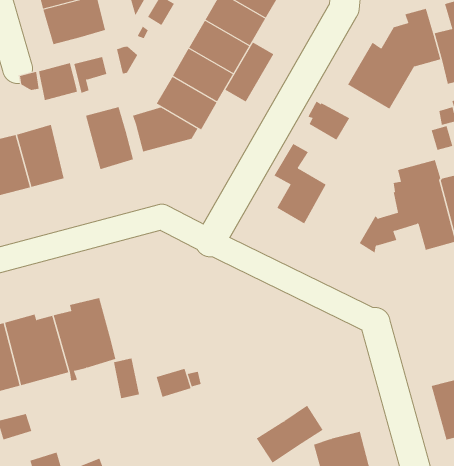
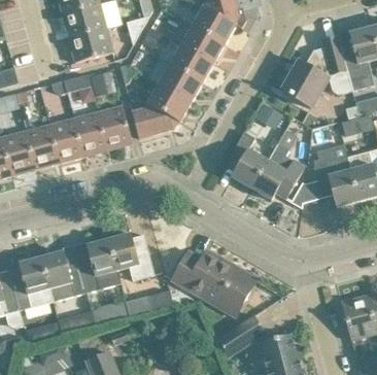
building: [225,41,274,102] -> none
building: none -> [74,112,108,157]
building: none -> [251,144,304,200]
building: none -> [108,234,153,280]
building: none -> [172,250,256,309]

